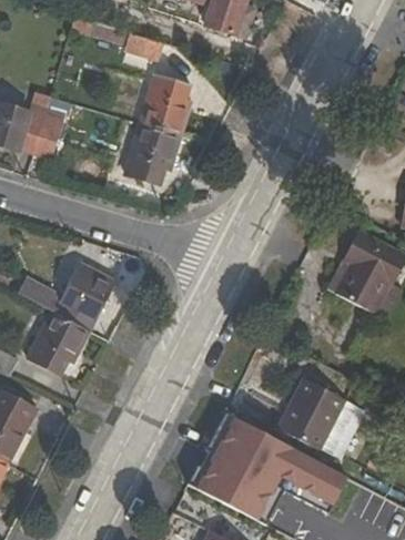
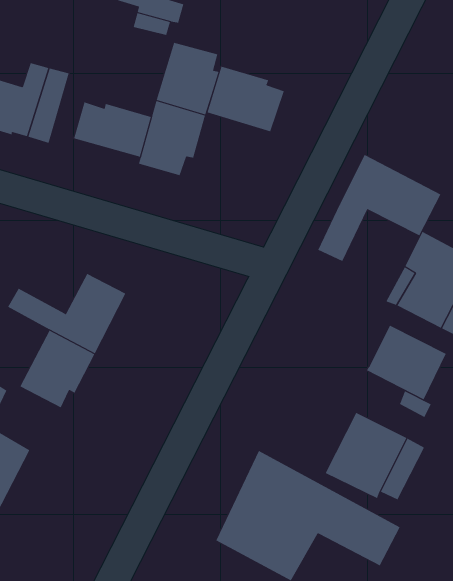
building: none -> [207,66,284,132]
building: none -> [73,102,151,157]
building: none -> [318,154,441,262]
building: none -> [366,325,446,400]

